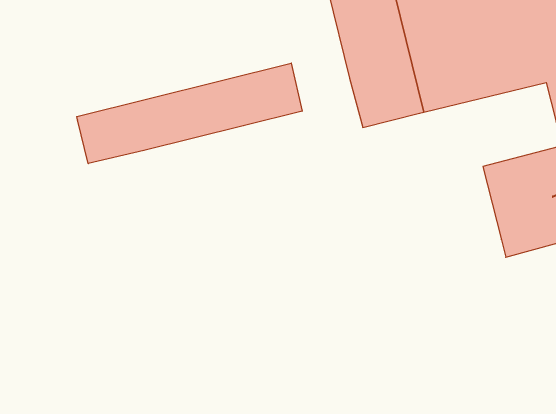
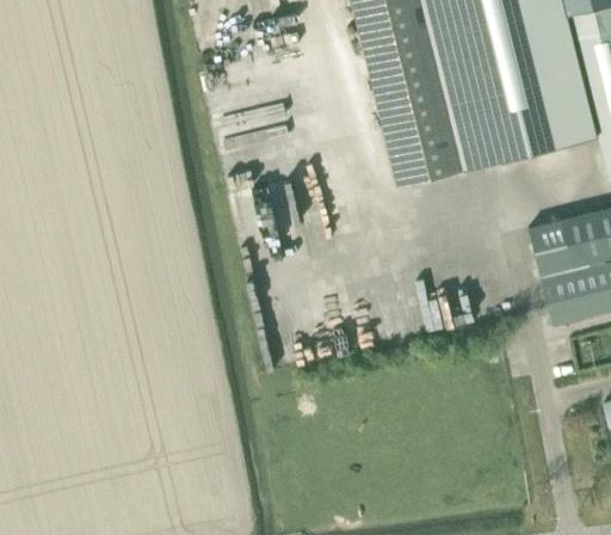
building: [77,63,302,164] -> none

